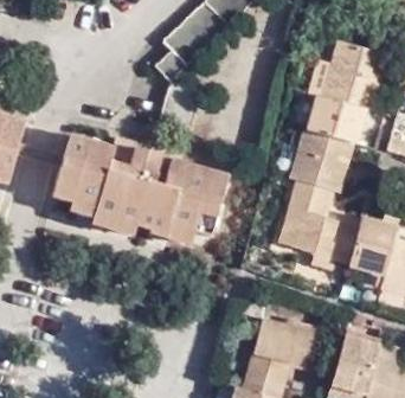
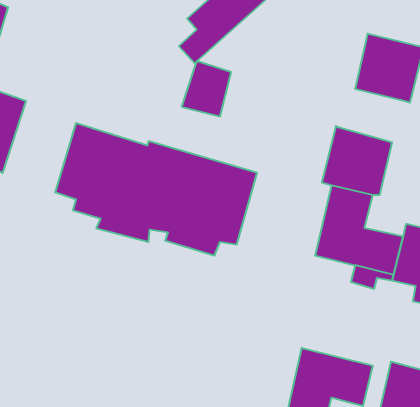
building: [289,97,358,146] -> none

